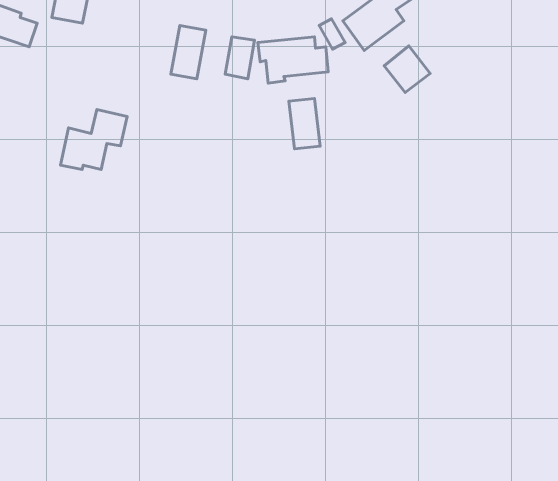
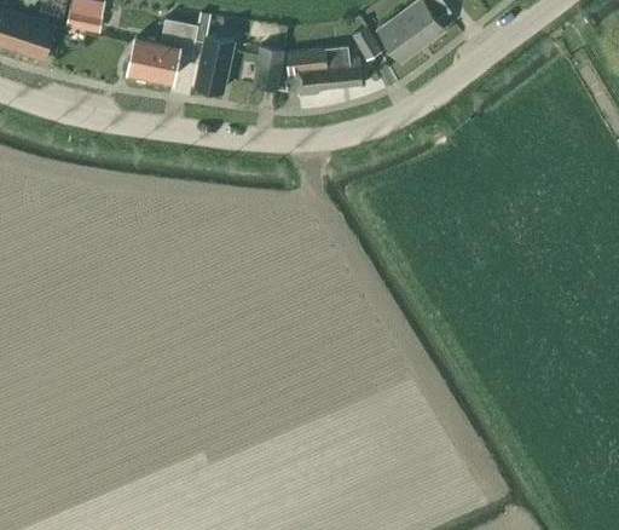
building: [384,46,430,93] -> none
building: [289,98,320,149] -> none
building: [61,110,127,170] -> [128,18,199,82]

